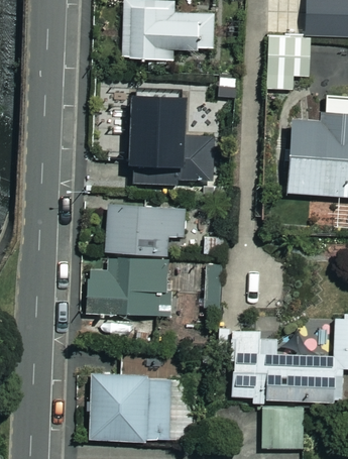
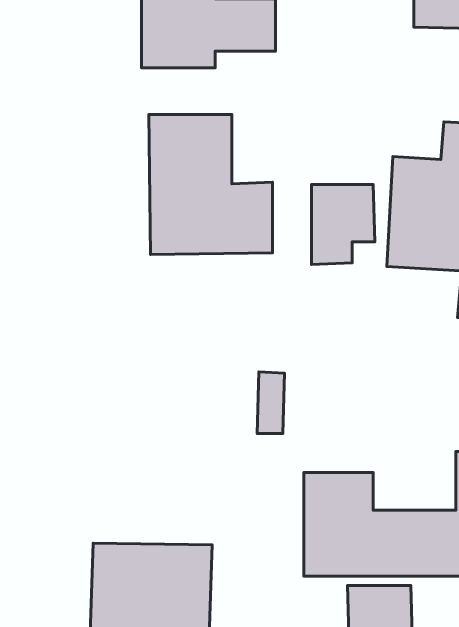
building: [267,36,310,90] -> [311,185,375,264]
building: [106,205,185,252] -> none
building: [88,260,165,314] -> none

